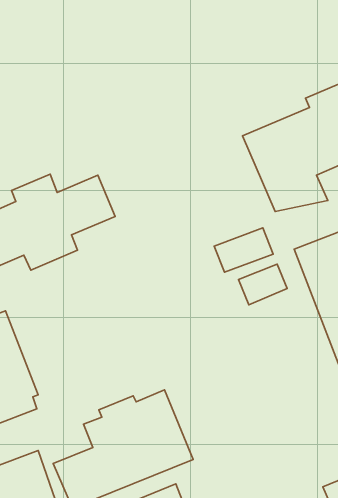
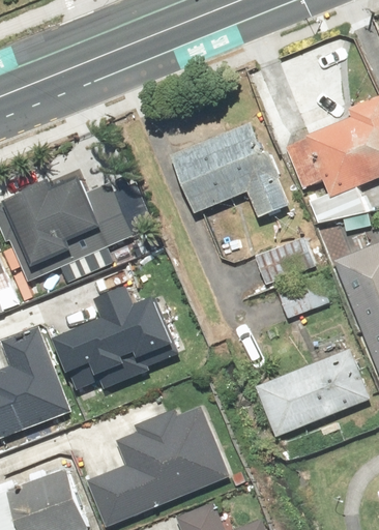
building: none -> [172,118,290,237]
building: none -> [61,291,177,391]
building: none -> [257,348,370,436]

